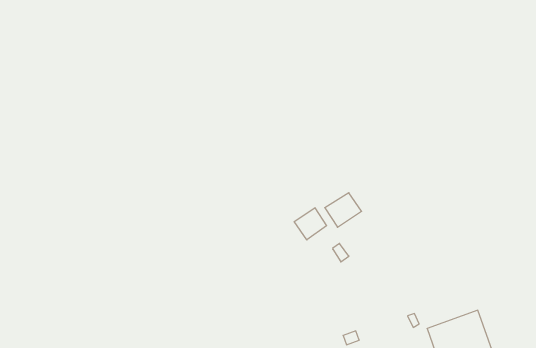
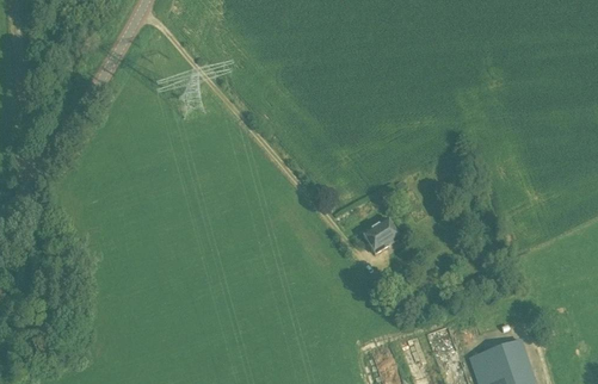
building: [294,208,327,240] -> none

